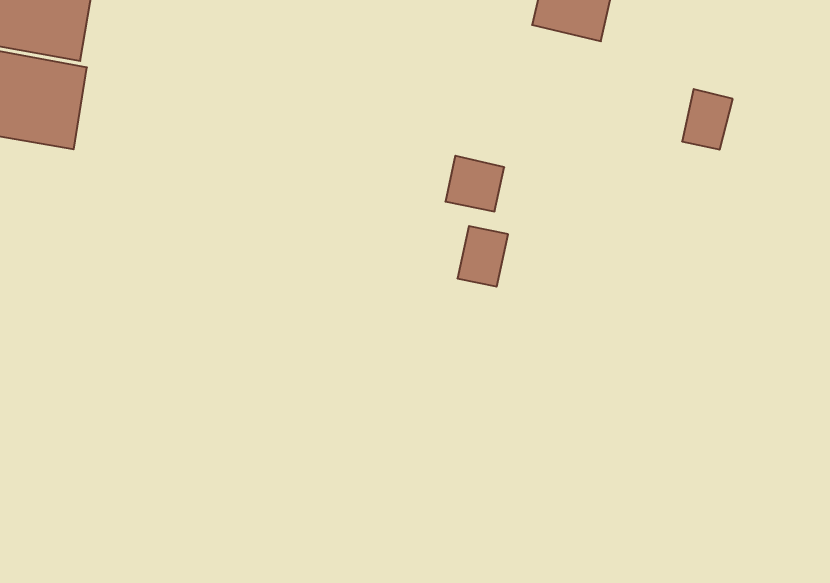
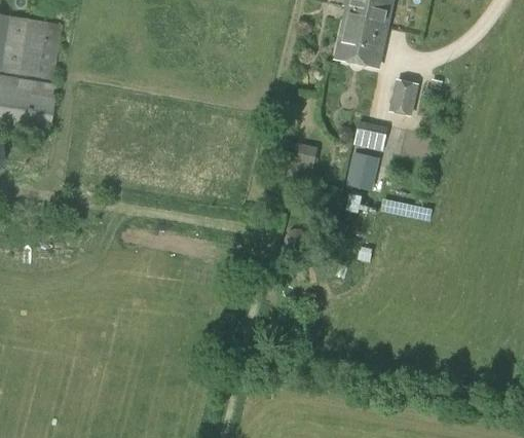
building: [682,89,733,150] -> [387,77,419,115]
building: none -> [352,119,386,149]
building: [457,226,508,287] -> [347,151,379,189]

